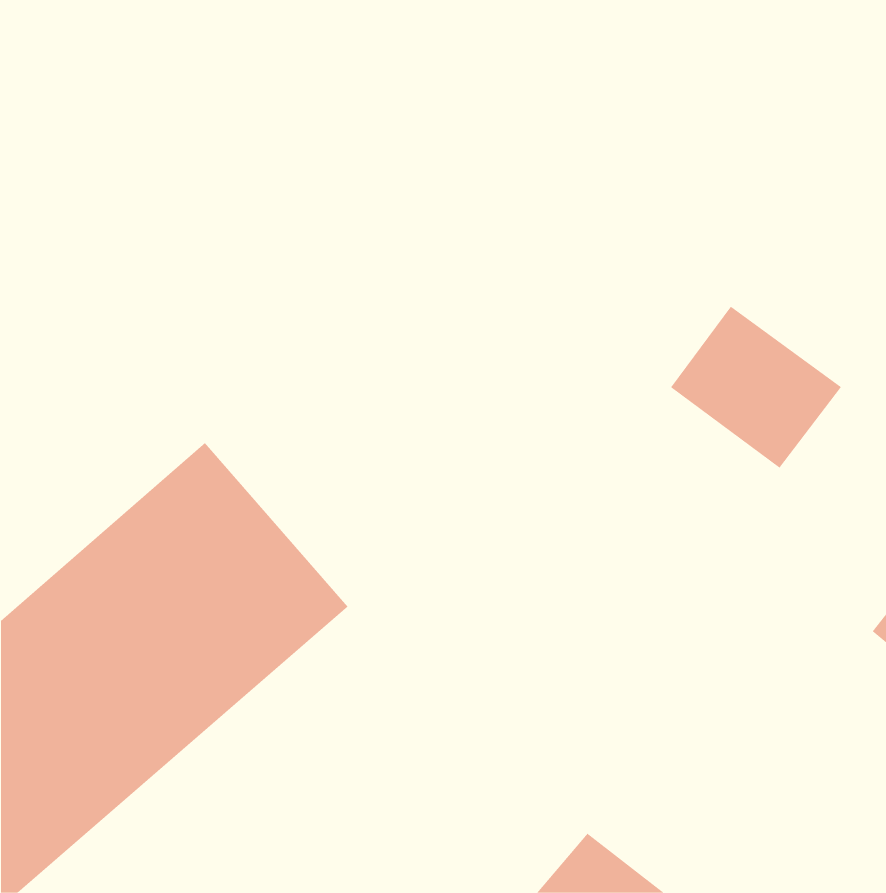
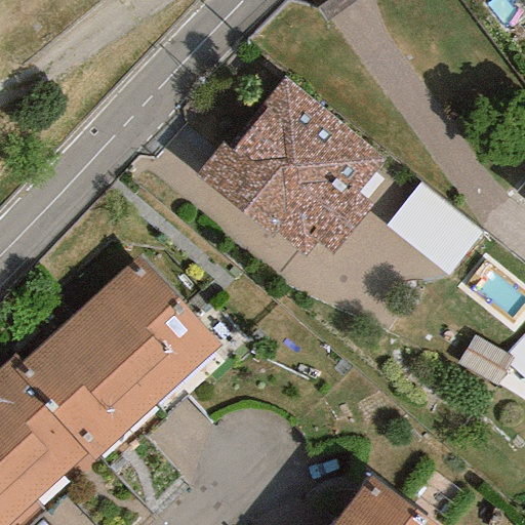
building: none -> [203,94,388,281]

